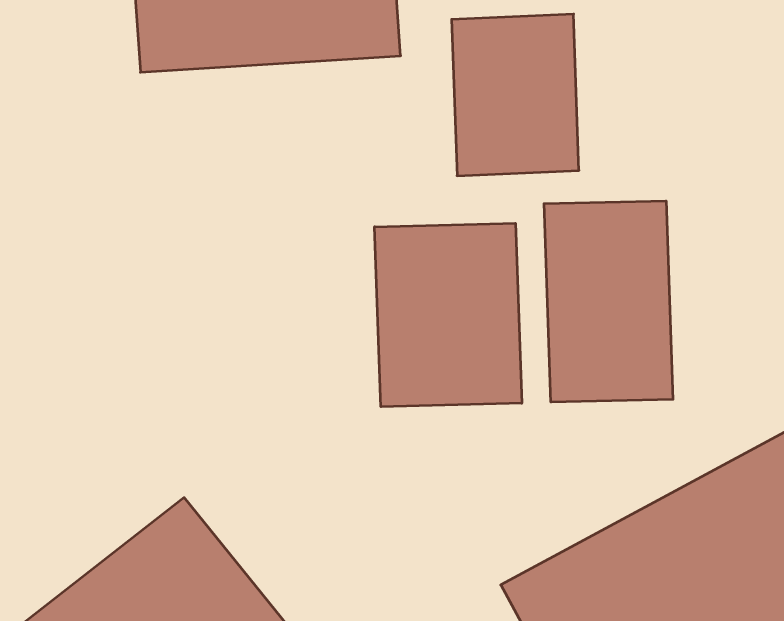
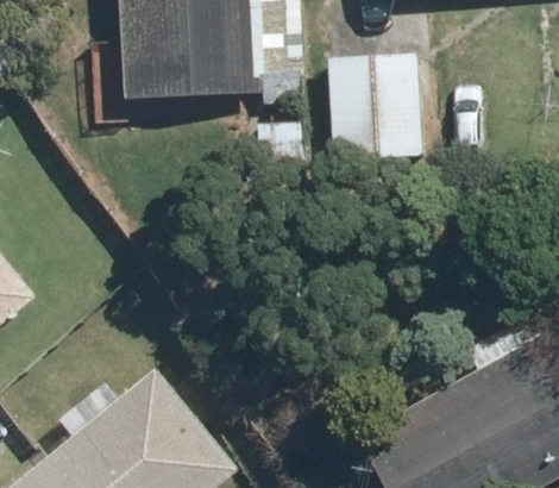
building: [544,201,673,402] -> none
building: [375,223,522,407] -> none

